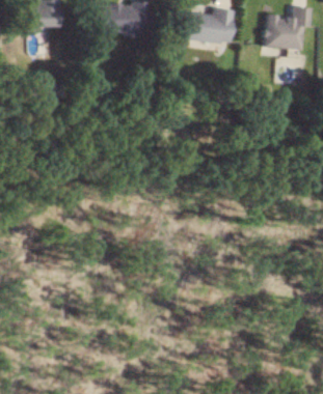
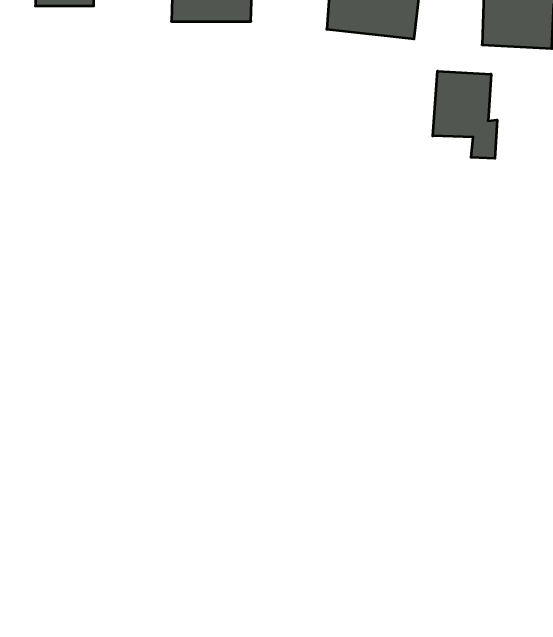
building: none -> [433,71,497,158]

